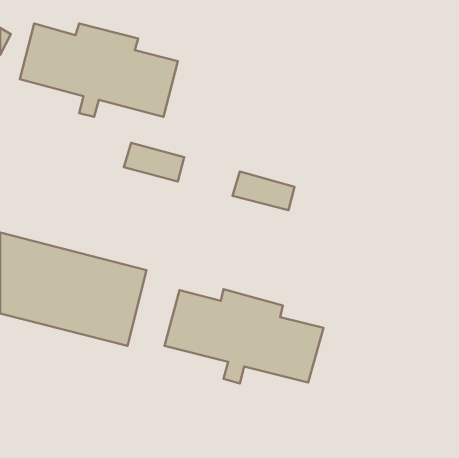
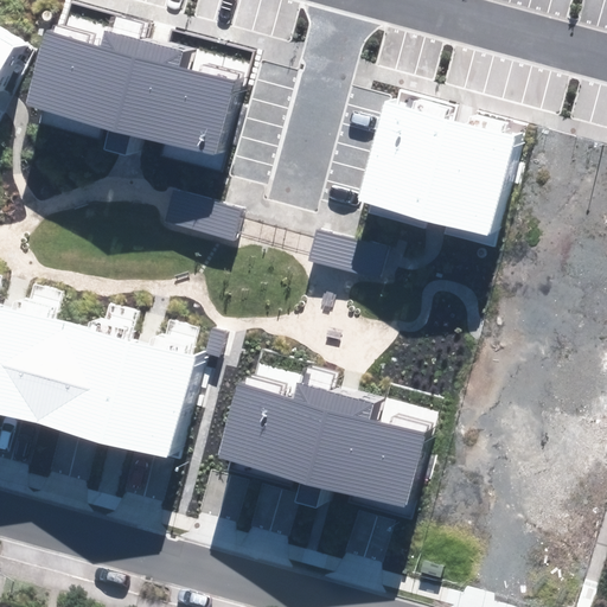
building: none -> [365,101,520,235]

